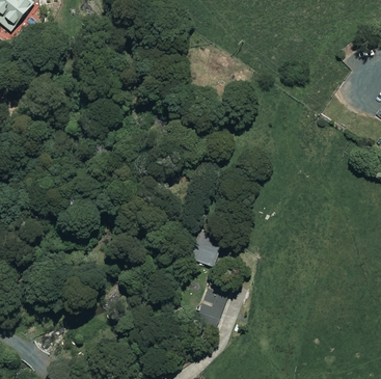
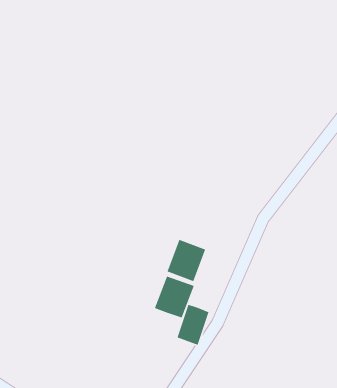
building: none -> [154,275,195,319]

